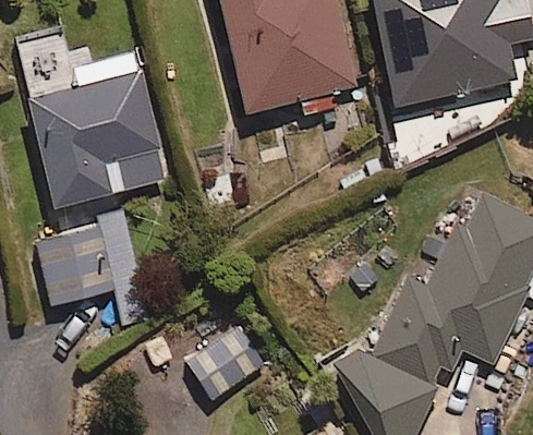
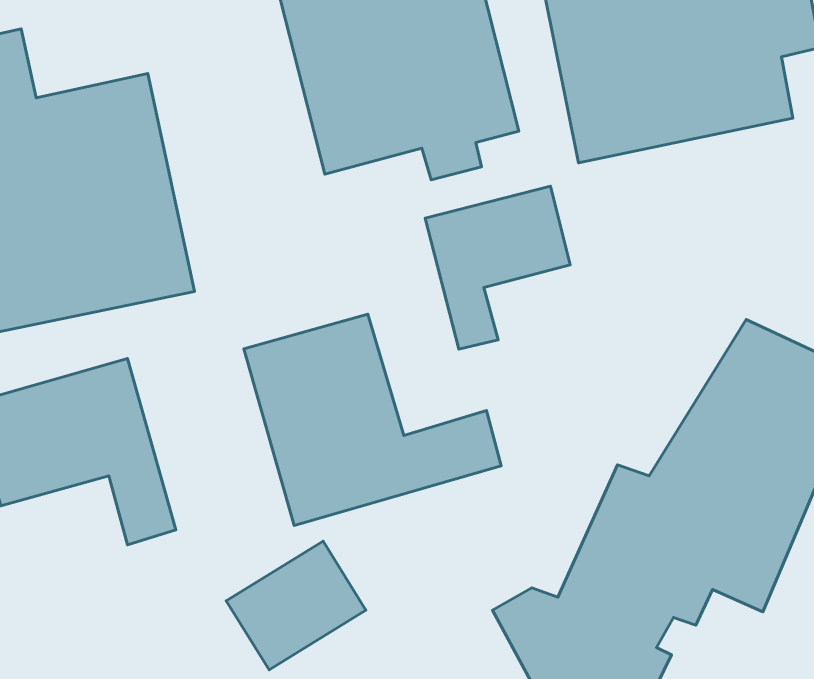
building: none -> [425,186,570,349]
building: none -> [244,314,501,526]

